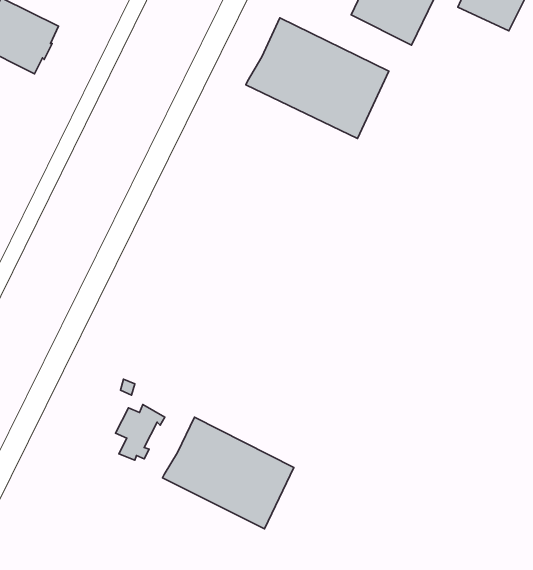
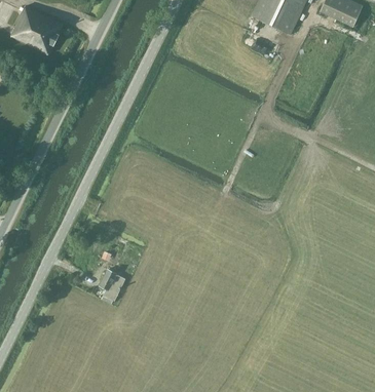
building: [246,18,389,139] -> none
building: [163,417,294,529] -> none

